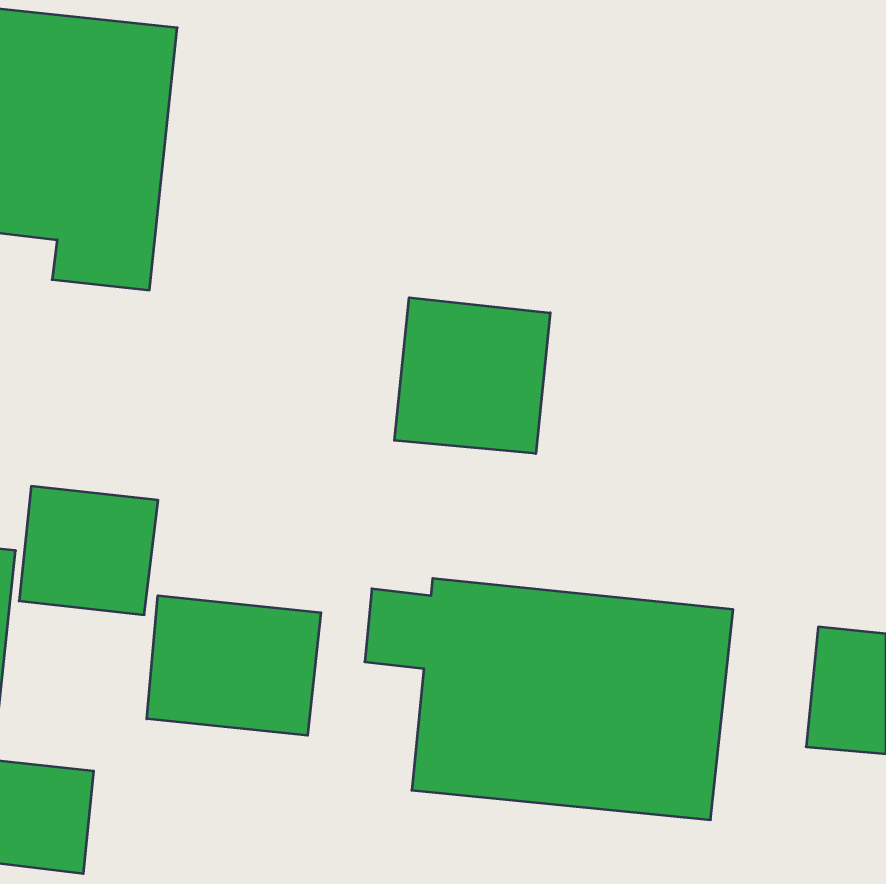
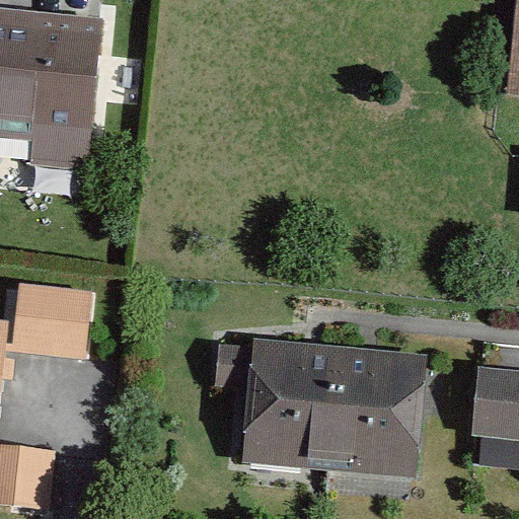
building: [394,298,550,454] -> none
building: [147,596,321,735] -> none

